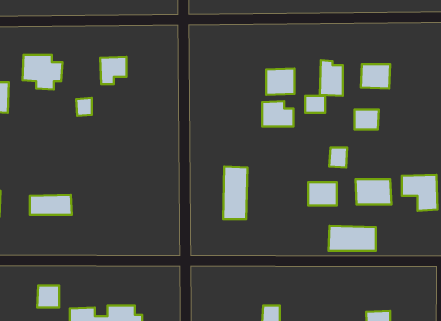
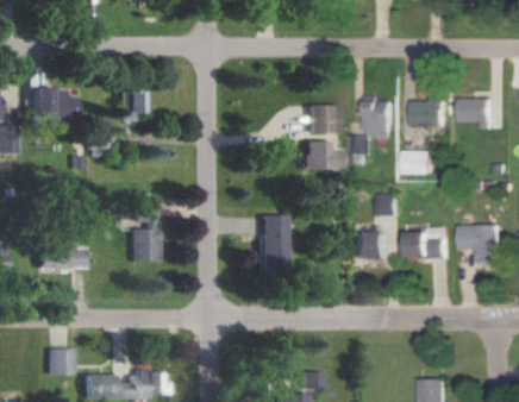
building: none -> [463,98,495,127]
building: none -> [132,200,161,262]
building: [328,226,376,251] -> none

